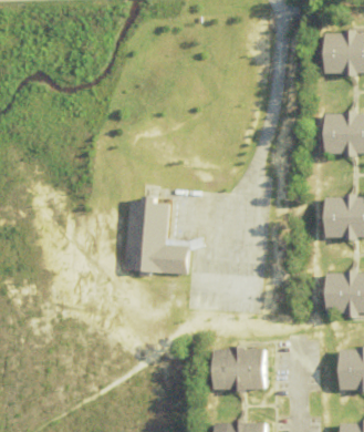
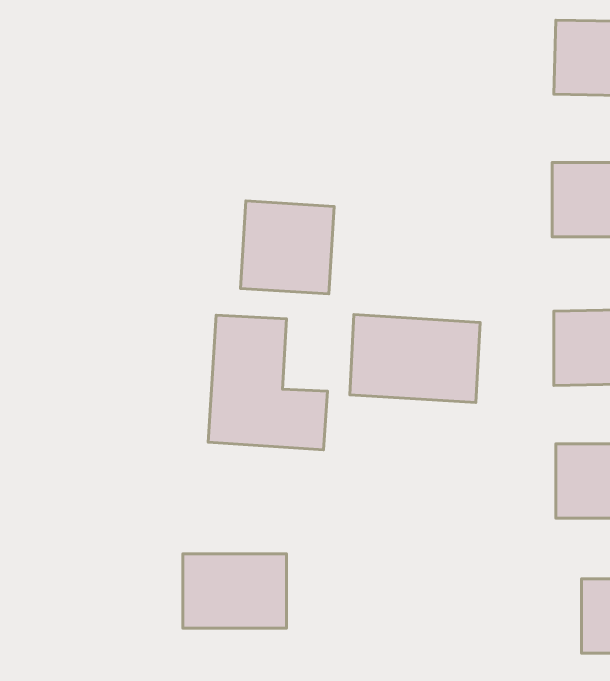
building: none -> [240,201,334,294]
building: none -> [350,315,480,402]
building: [208,348,267,390] -> [183,554,287,628]

